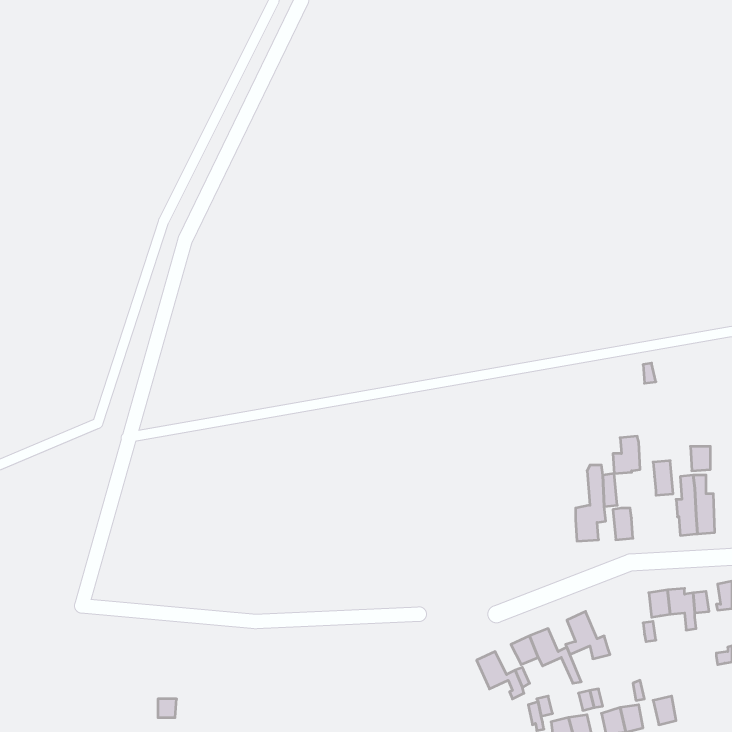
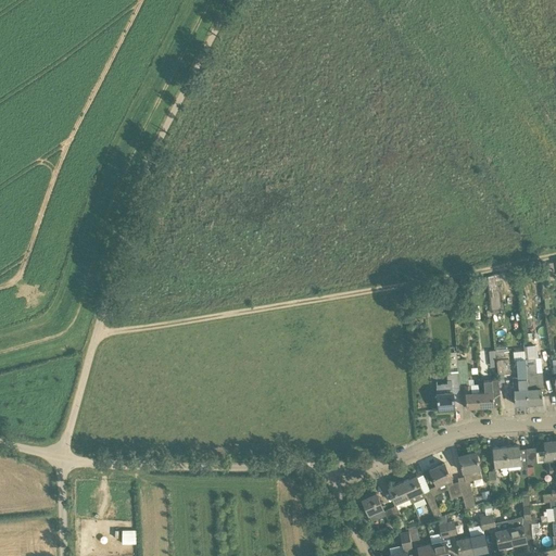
building: [613,436,640,474] -> [478,380,498,408]
building: none -> [457,453,482,508]
building: none -> [508,497,530,546]

